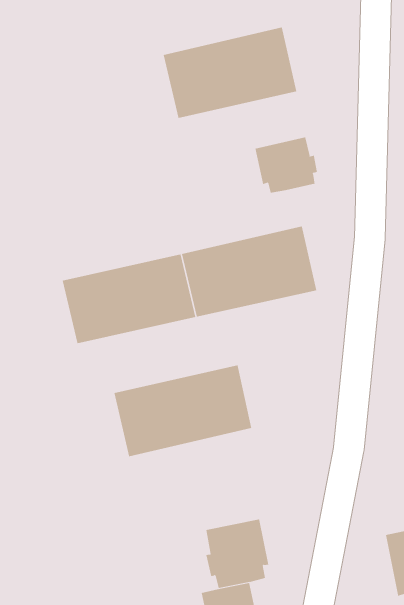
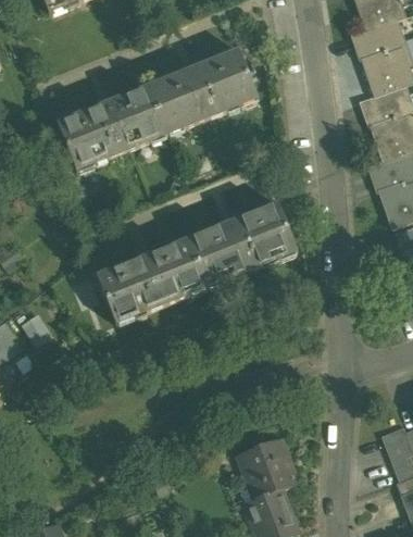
building: none -> [58,83,167,167]
building: [255,137,317,193] -> none
building: [114,365,252,457] -> none

